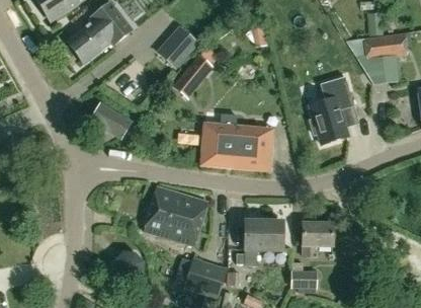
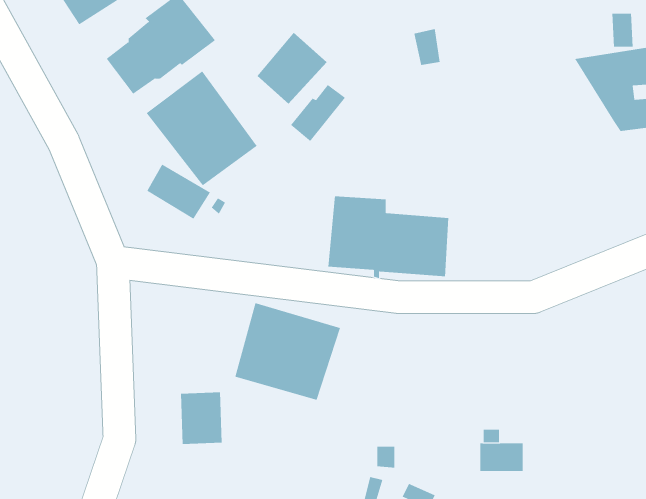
building: none -> [146,71,258,186]
building: [306,75,350,144] -> none
building: [245,222,282,265] -> none
building: [303,222,333,256] -> none
building: [184,256,228,298] -> none

